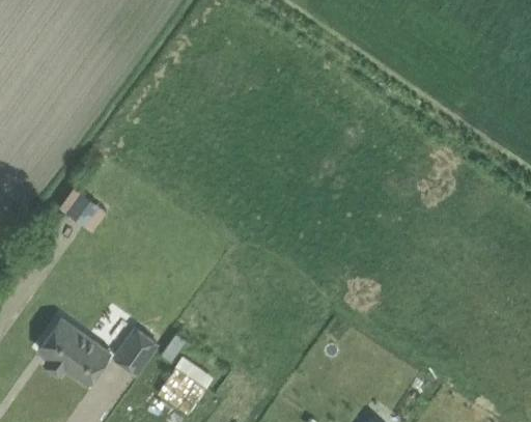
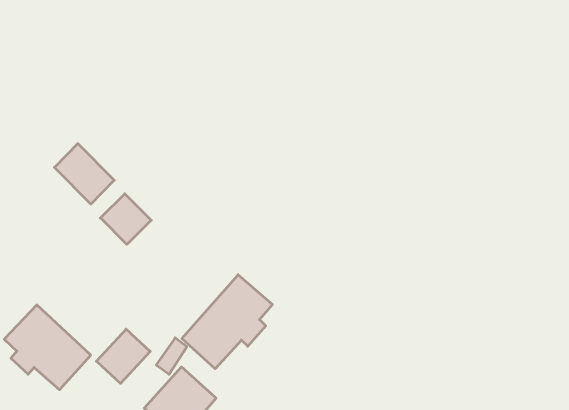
building: none -> [100,194,151,244]
building: none -> [182,275,272,369]

